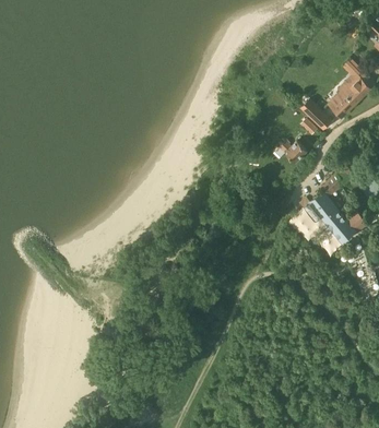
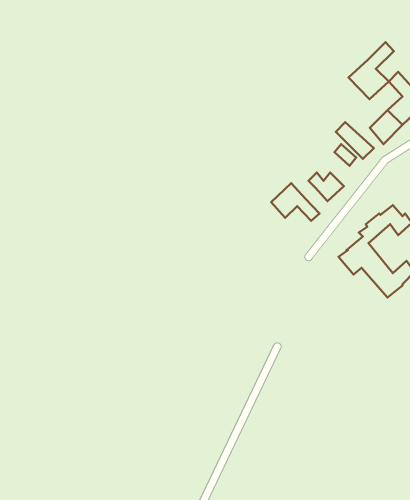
building: none -> [348,42,394,99]
building: none -> [271,183,320,221]

